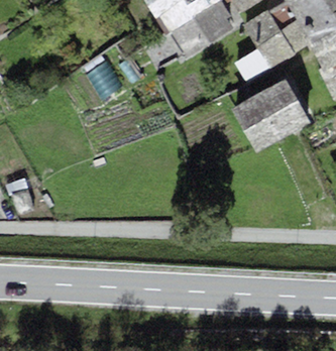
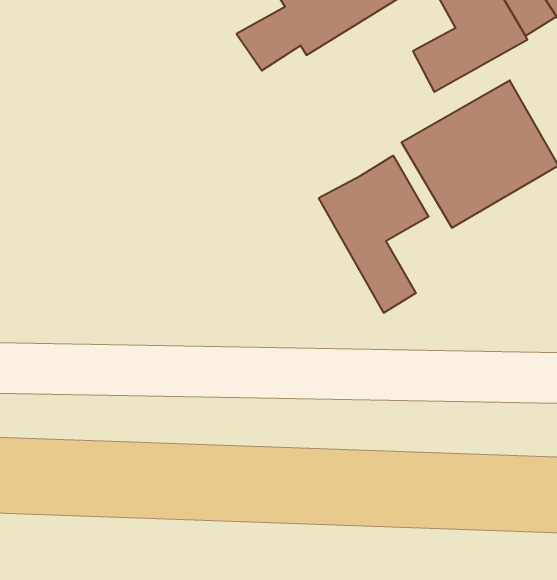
building: none -> [319,156,429,313]

